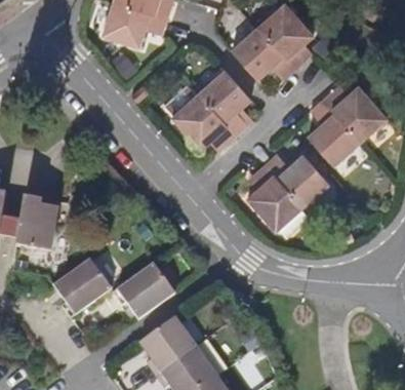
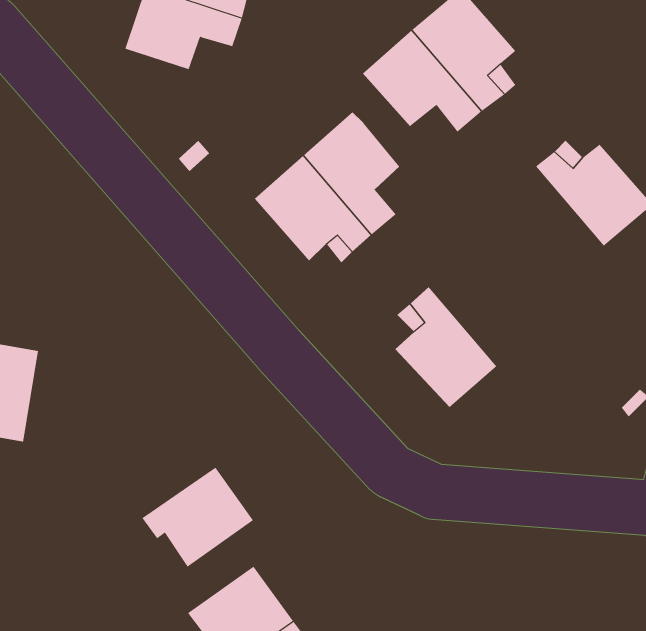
building: [310,100,362,167] -> none
building: [268,154,332,207] -> none
building: [53,258,110,315] -> none

